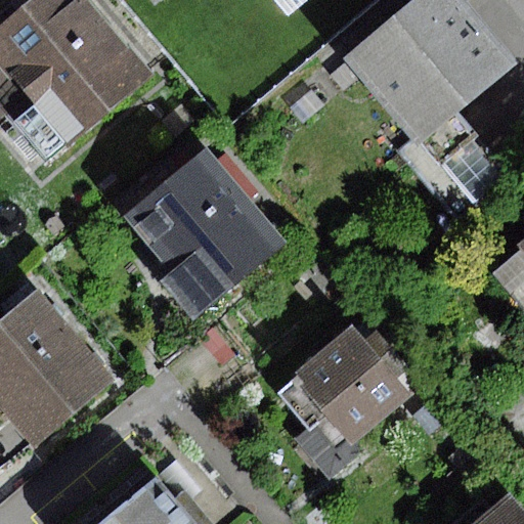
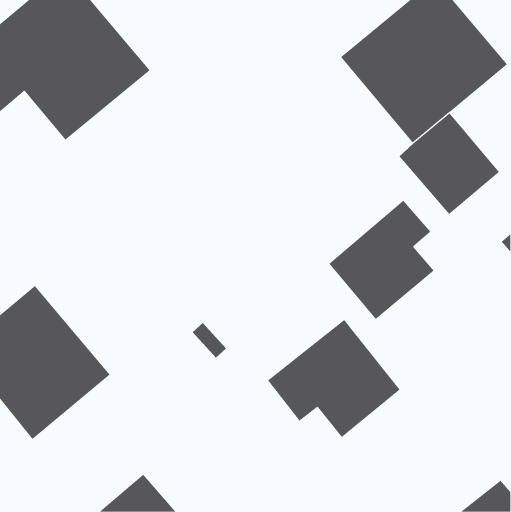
building: [125,149,282,316] -> none
building: none -> [328,200,434,320]

